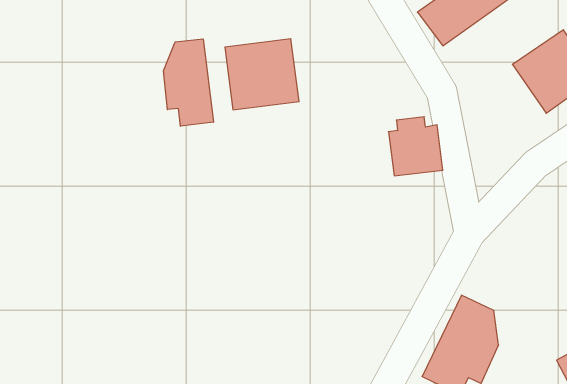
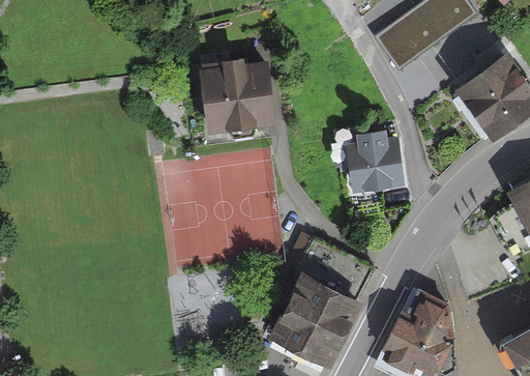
building: [164,39,213,126] -> none
building: none -> [267,241,370,364]

